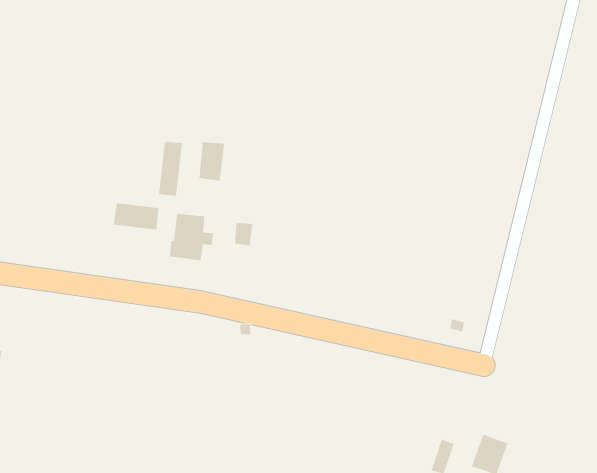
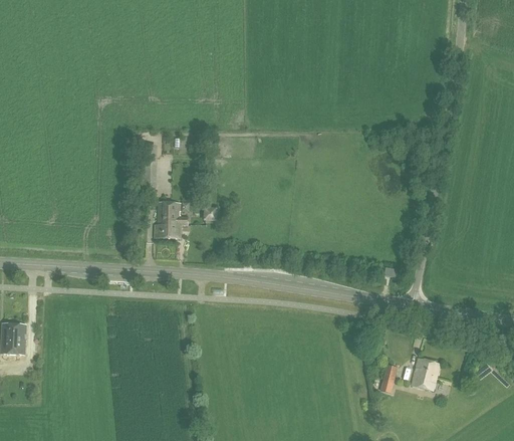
building: [199,141,224,181] -> none
building: [113,202,159,231] -> none

